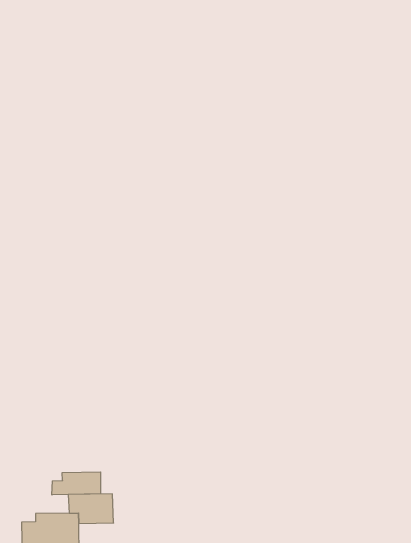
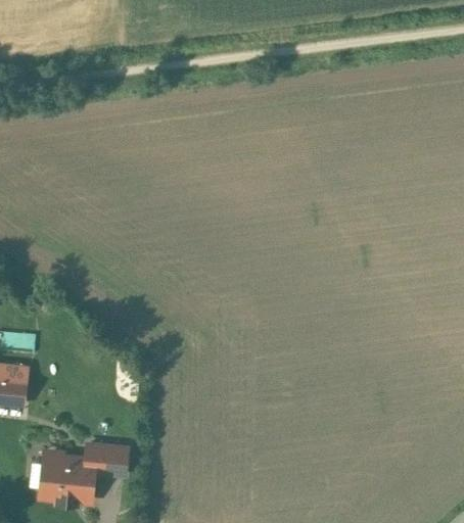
building: [52,472,101,495] -> none

